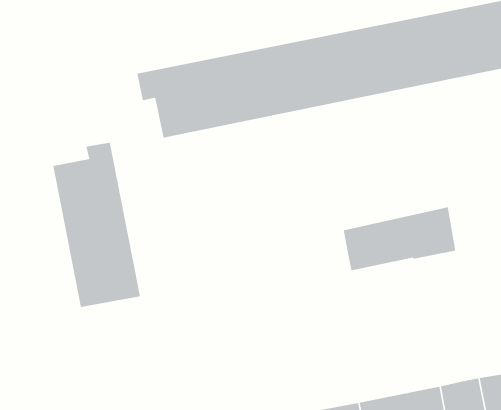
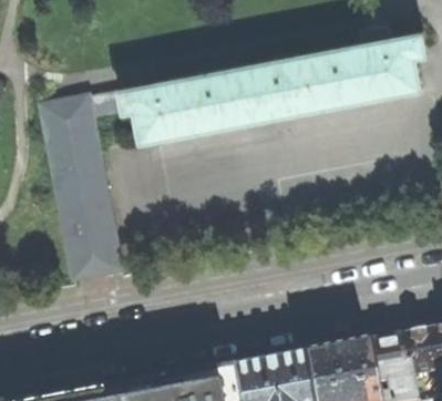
building: none -> [43,91,126,165]
building: [343,207,456,271] -> none

